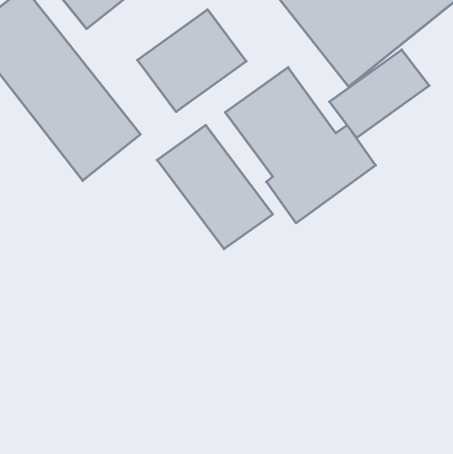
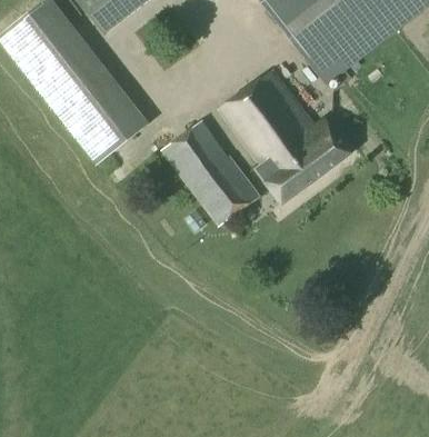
building: [137,10,246,112] -> none
building: [329,50,429,138] -> none

